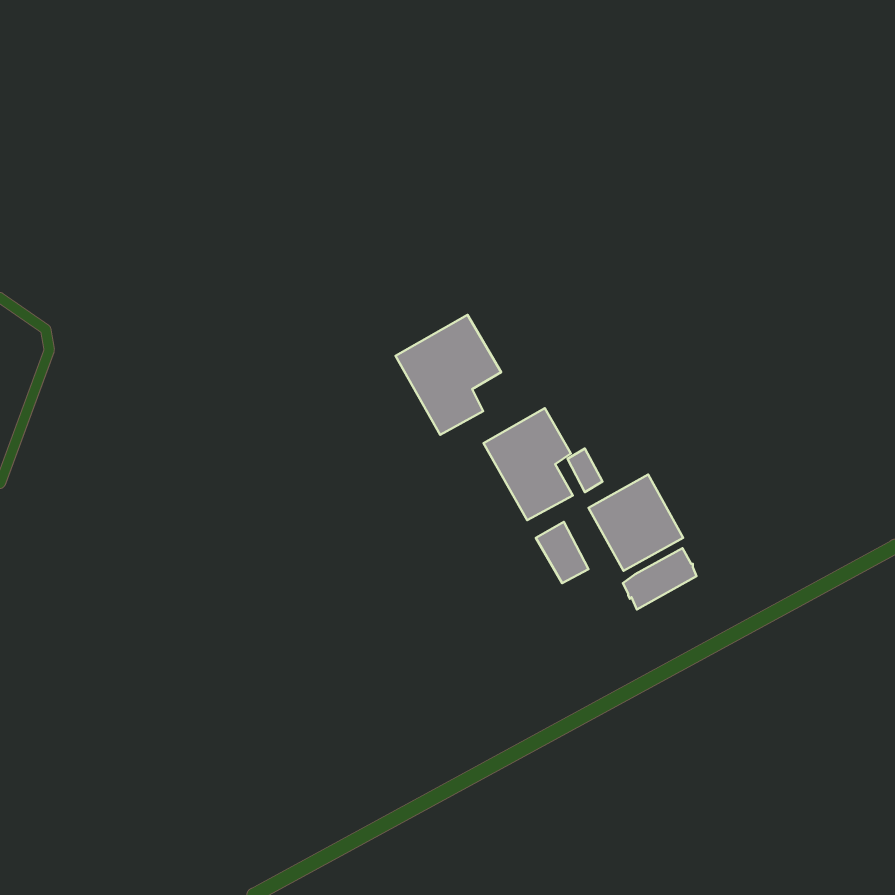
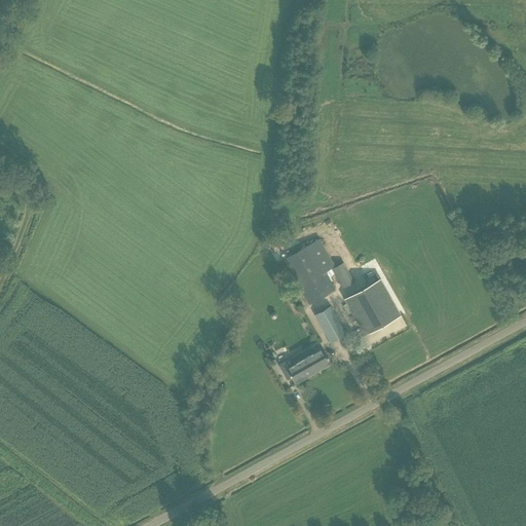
building: [395,315,501,435] -> none
building: [623,548,696,609] -> [287,347,330,383]

